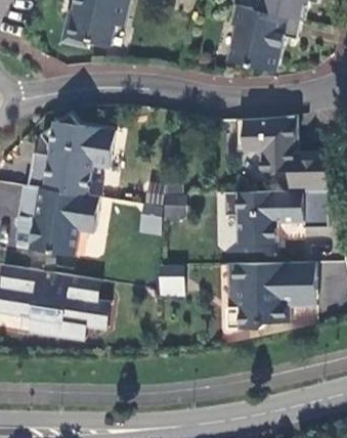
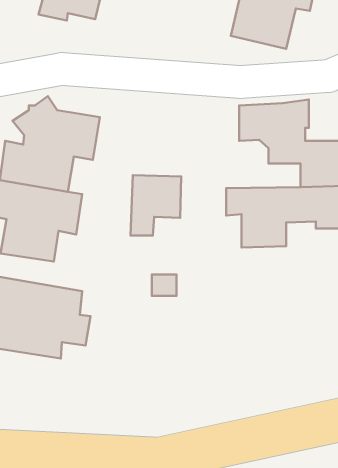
building: [227,262,315,328] -> none

